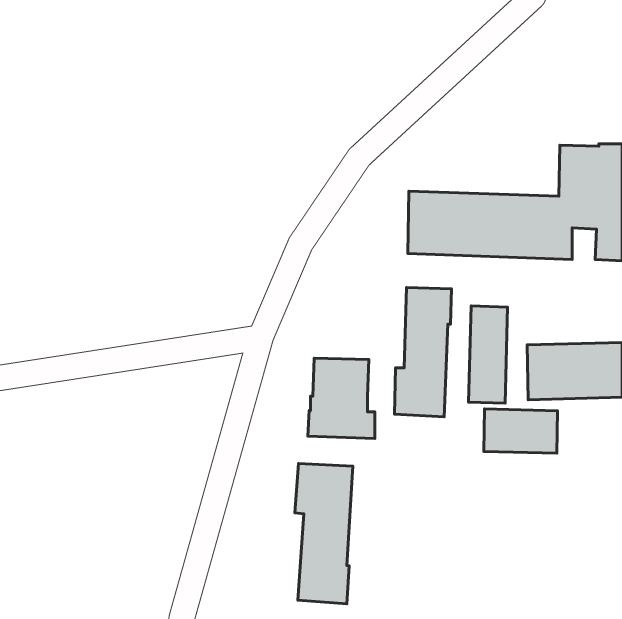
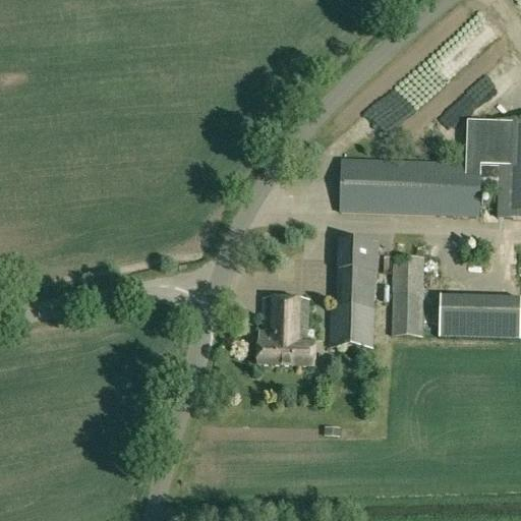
building: [484,409,558,453] -> none
building: [295,463,353,604] -> none

